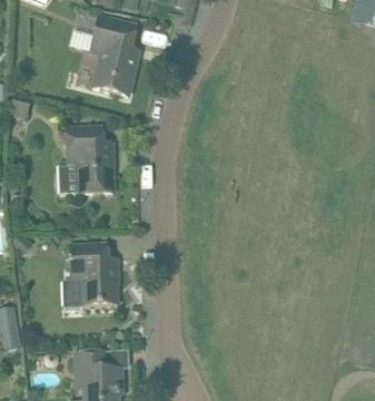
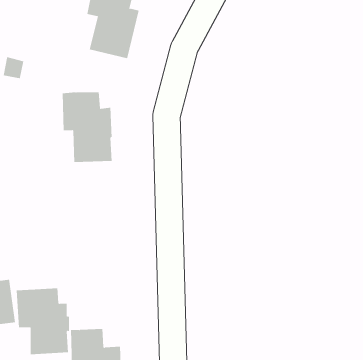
building: [67,243,118,306] -> [16,288,70,355]

